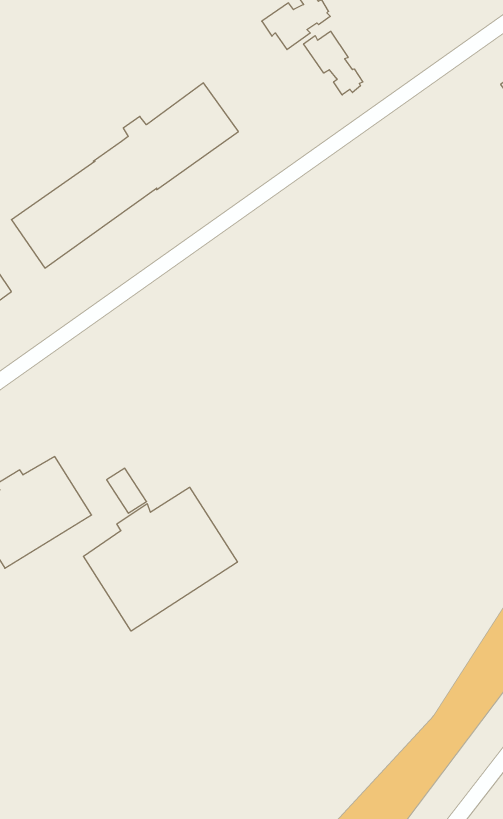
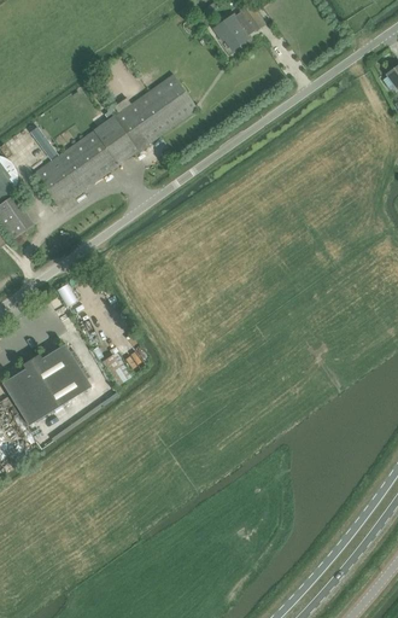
building: [304,31,363,95] -> none
building: [83,487,237,631] -> none

